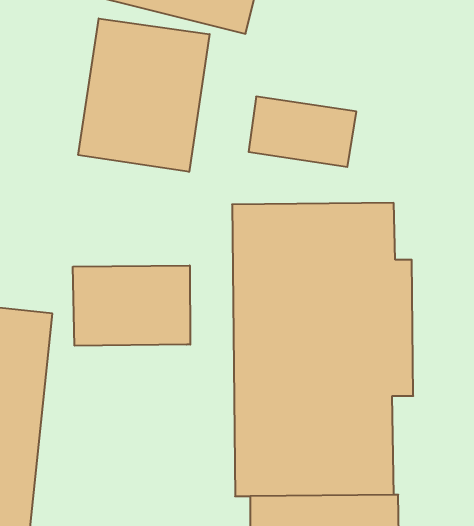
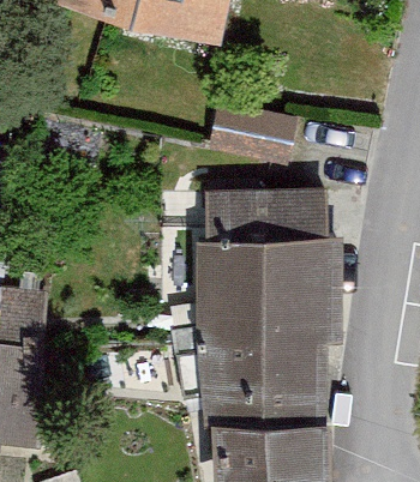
building: [78,18,210,172] -> none
building: [73,265,190,346] -> none

